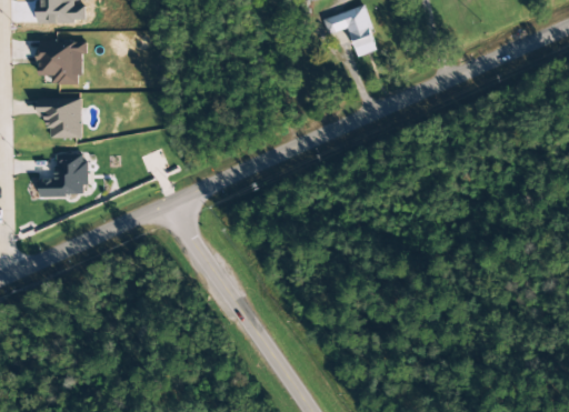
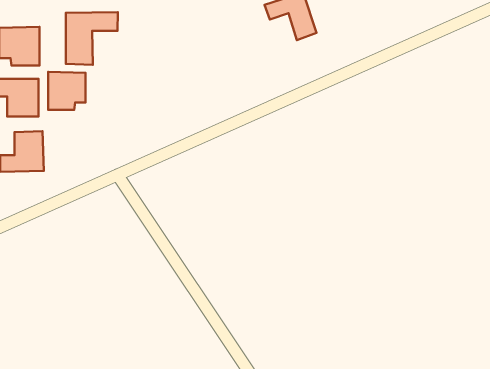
building: none -> [66,12,118,65]
building: none -> [48,72,86,110]

